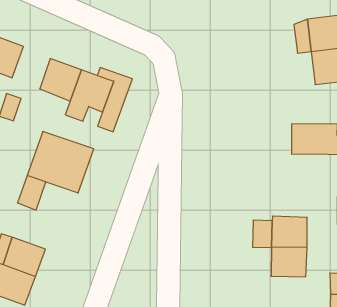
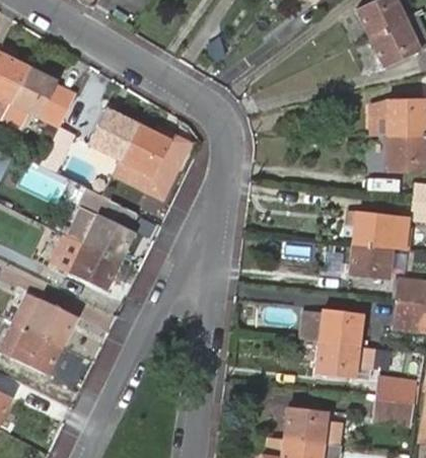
building: none -> [349,243,393,281]
building: none -> [70,242,118,289]

